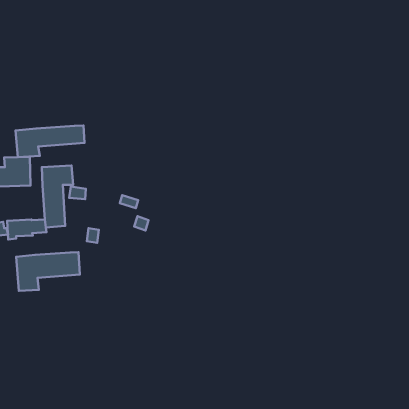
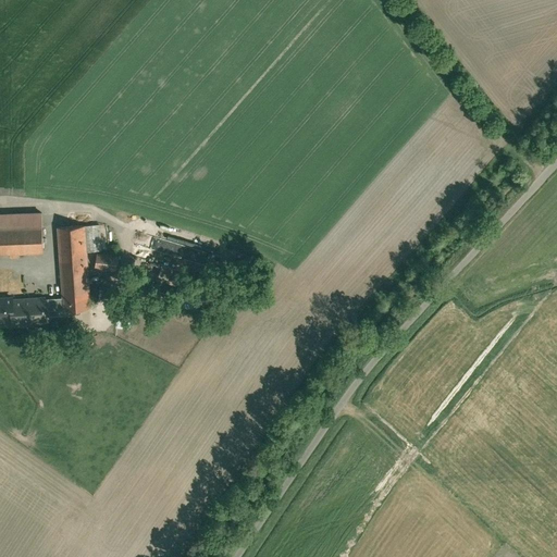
building: [15,125,85,157] -> none
building: [16,252,80,291] -> none

